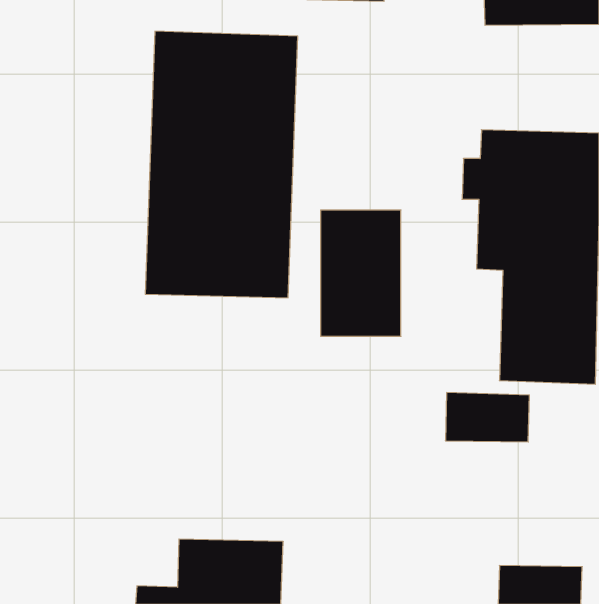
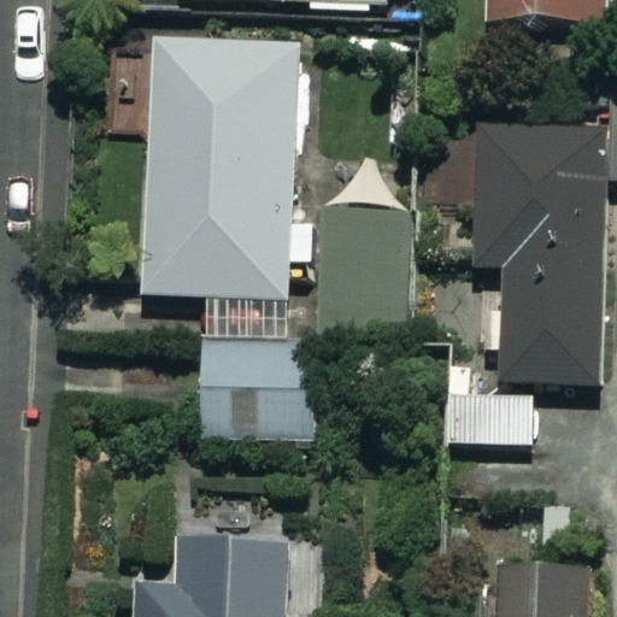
building: none -> [200,334,311,443]

